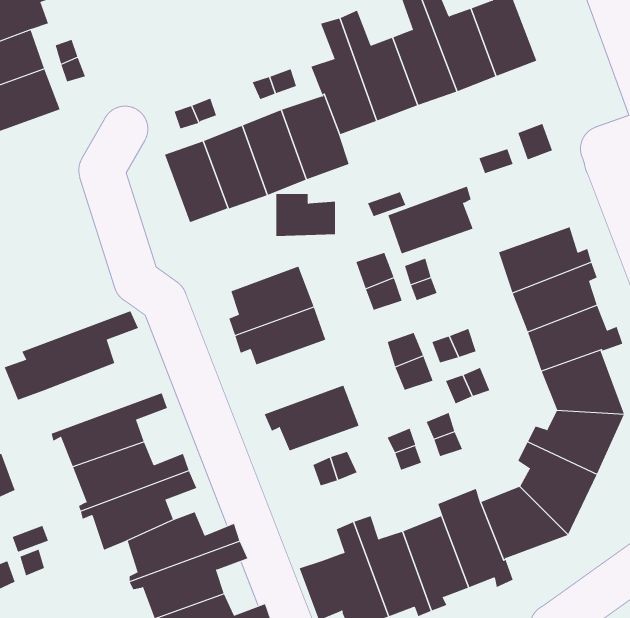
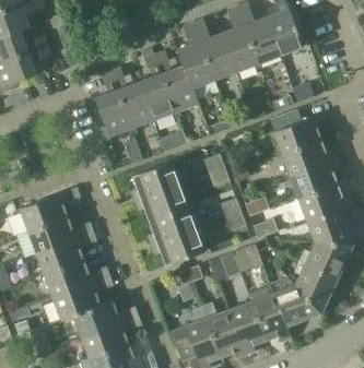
building: [388,186,473,254] -> [274,116,322,154]
building: none -> [146,203,196,245]
building: none -> [28,216,94,256]

